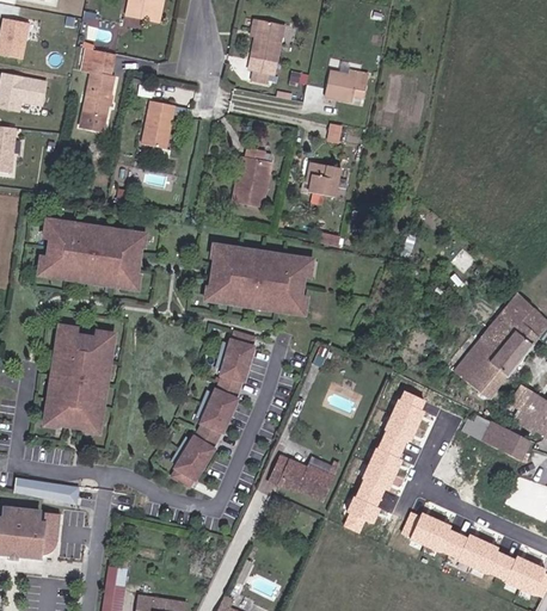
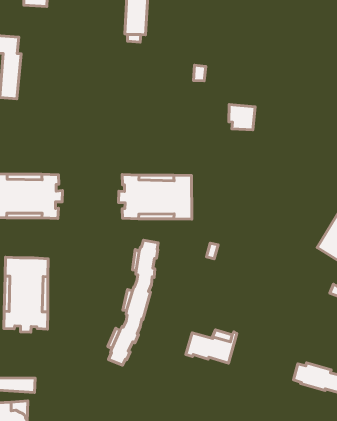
building: [325,70,369,101] -> none
building: [142,100,176,148] -> none
building: [233,147,271,208] -> none
building: [306,161,342,197] -> [229,105,255,130]
building: [345,390,423,533] -> none

